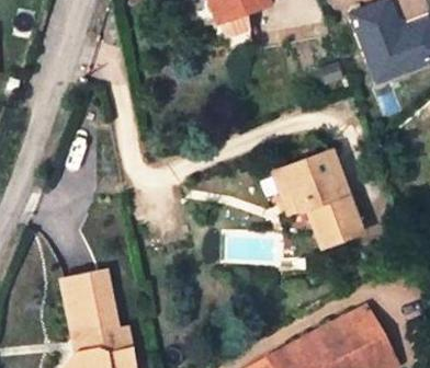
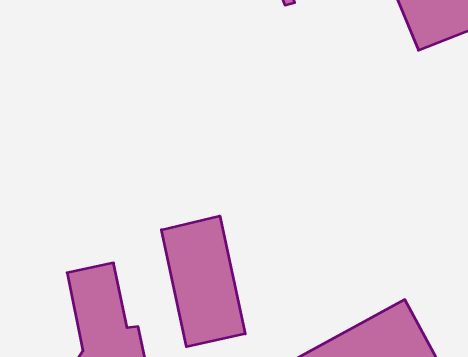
building: [274,150,361,250] -> none
building: none -> [161,216,245,347]

